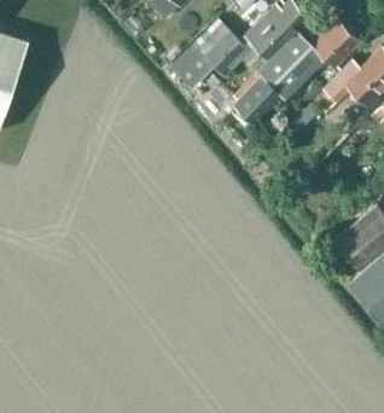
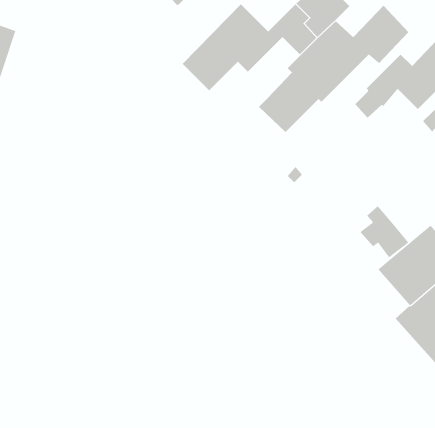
building: none -> [360,205,409,258]

